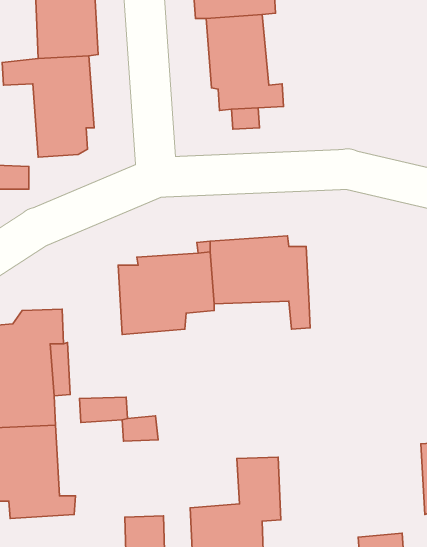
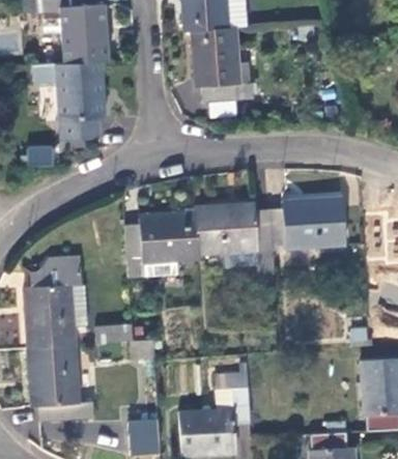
building: none -> [269,195,345,249]

